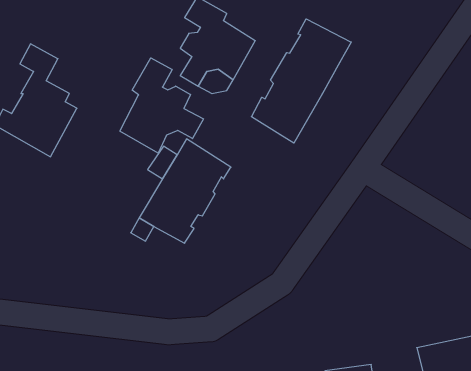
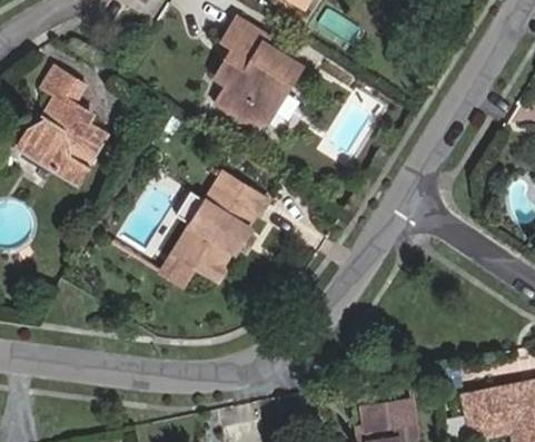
building: [251,19,351,143] -> none
building: [120,58,203,153] -> none

